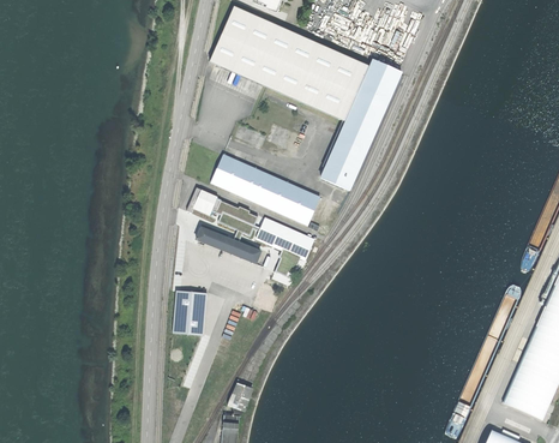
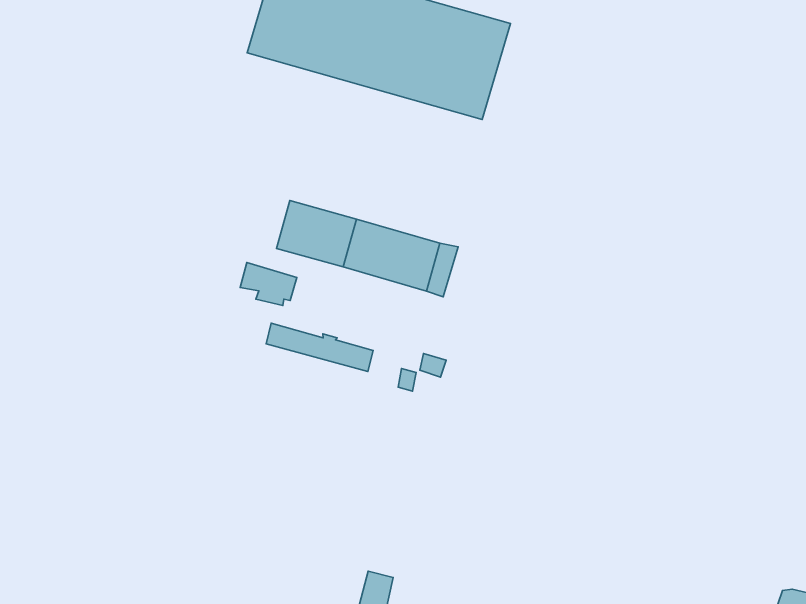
building: [319,59,401,190] -> none
building: [256,217,313,259] -> none
building: [172,292,205,335] -> none

